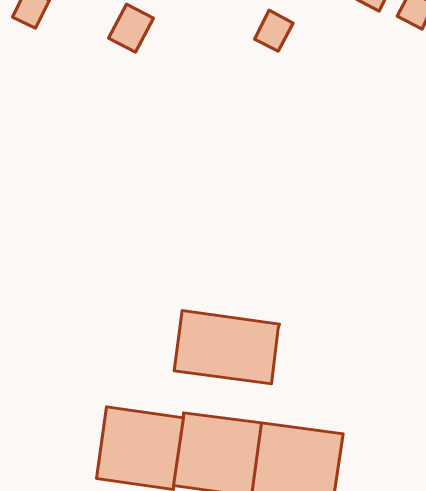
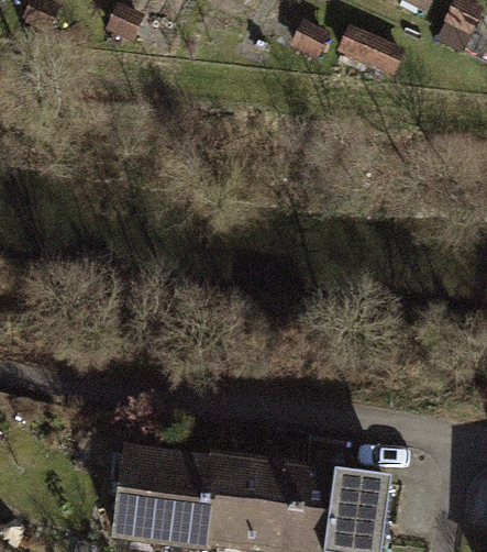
building: [174,311,279,384] -> none

